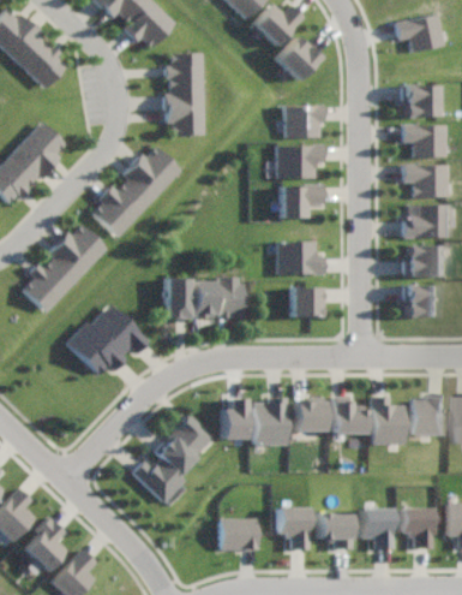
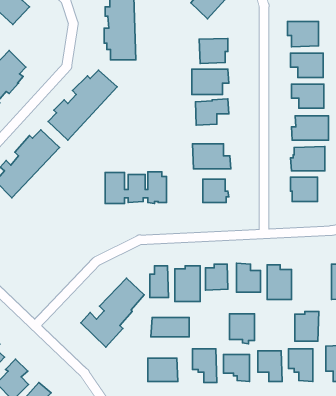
building: [65,304,148,374] -> none
building: [413,397,444,435] -> [295,311,319,341]
building: none -> [230,314,255,344]
building: none -> [151,317,189,337]

